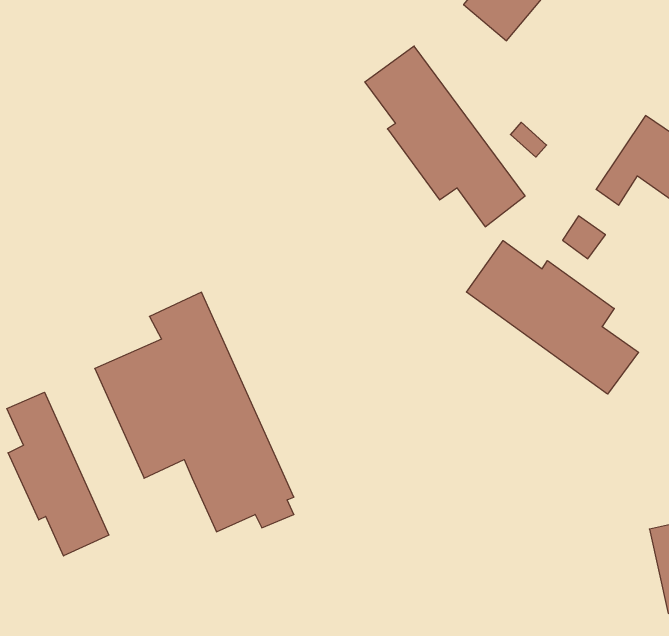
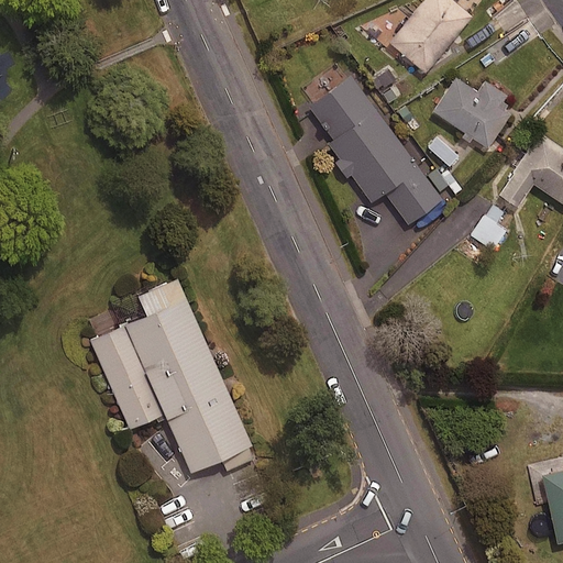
building: none -> [435,77,514,148]
building: [466,241,639,394] -> none
building: [7,392,109,556] -> none

